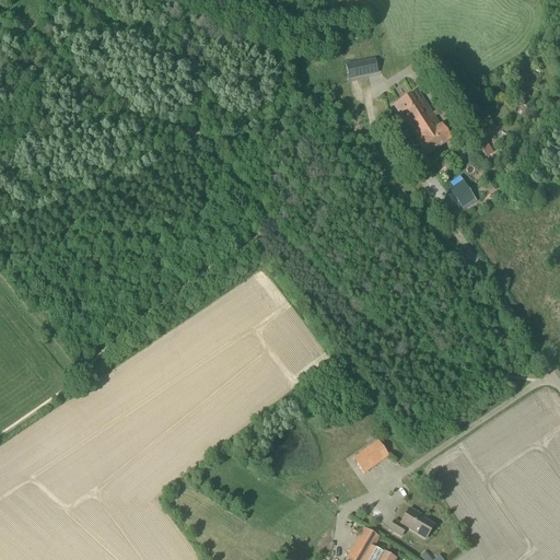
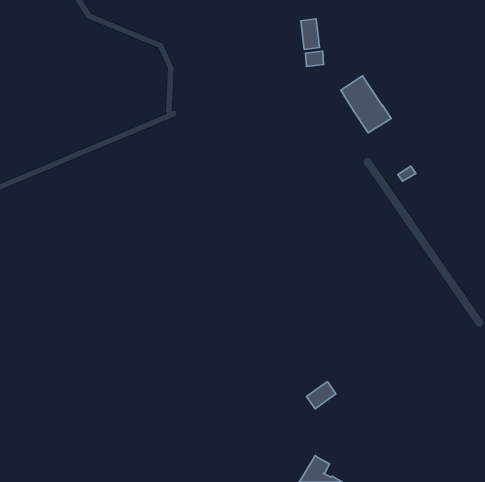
building: none -> [301,19,319,49]
building: [388,506,433,537] -> none

